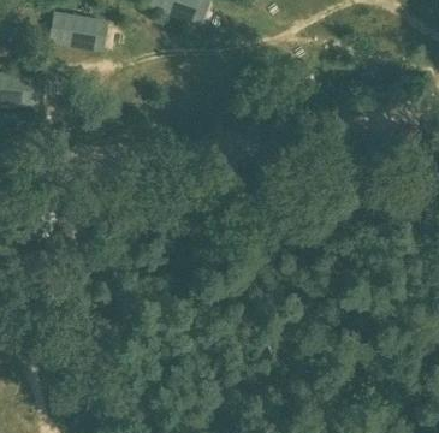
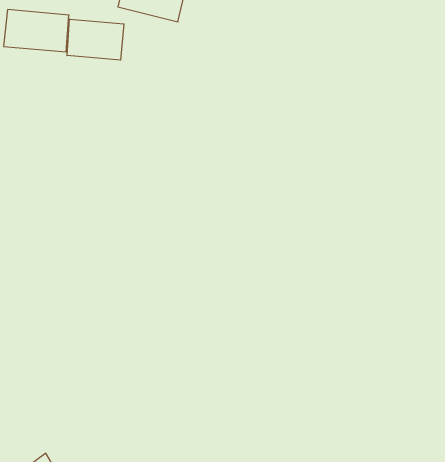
building: none -> [67,19,124,60]

